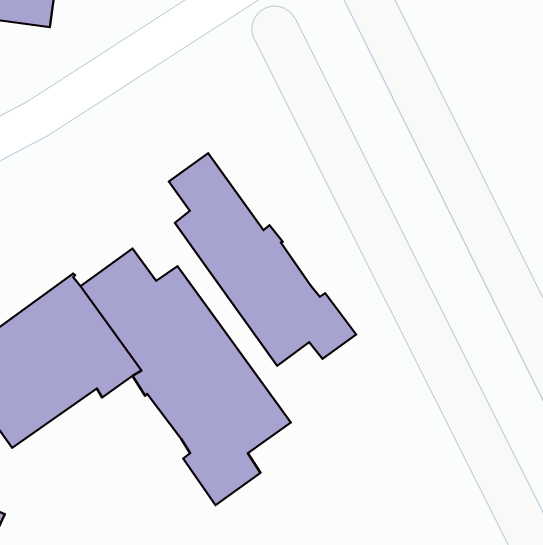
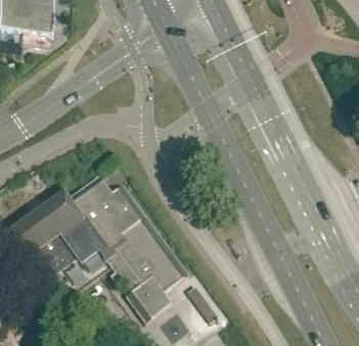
building: [169,153,356,366] -> none

